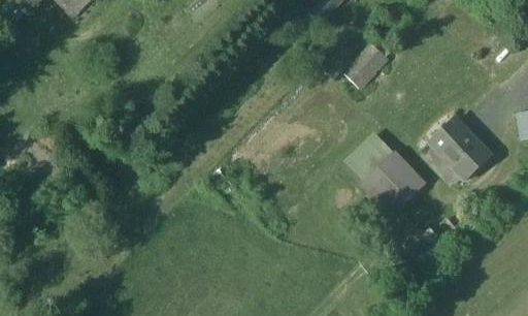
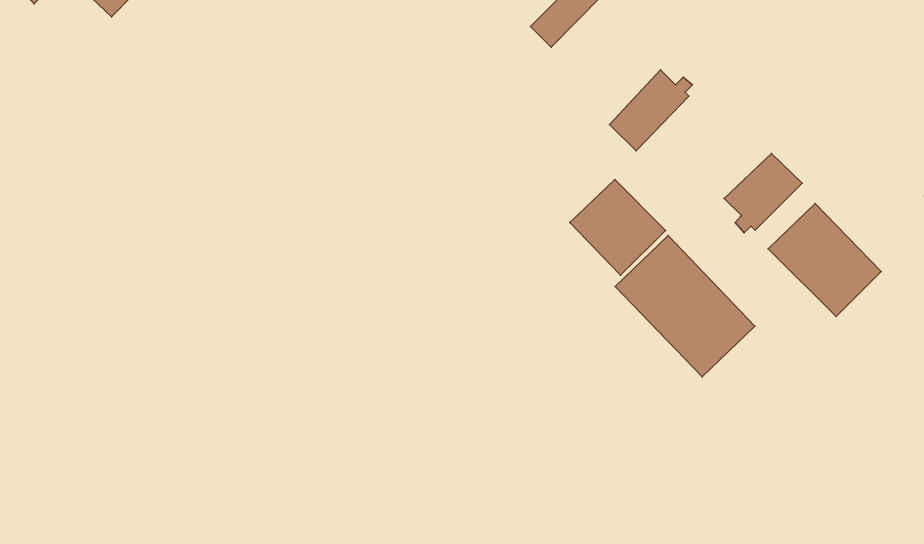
building: none -> [724,153,802,233]
building: none -> [570,180,665,275]

